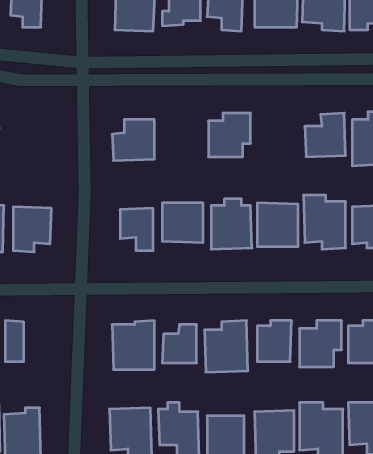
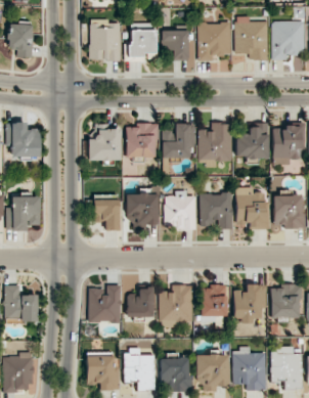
building: none -> [11,122,41,158]
building: none -> [126,123,159,158]
building: none -> [198,124,233,161]
building: none -> [21,295,38,322]

